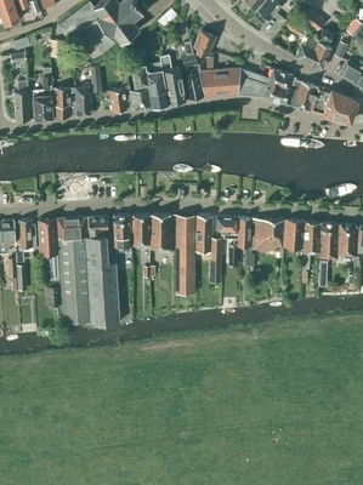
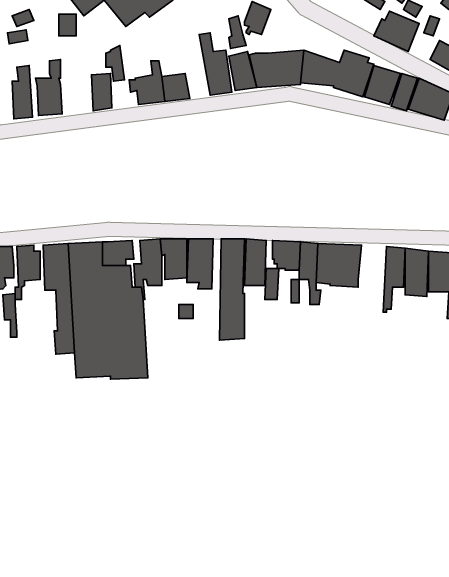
building: [131,62,166,107] -> none
building: [50,89,75,119] -> none
building: [283,221,304,255] -> none

